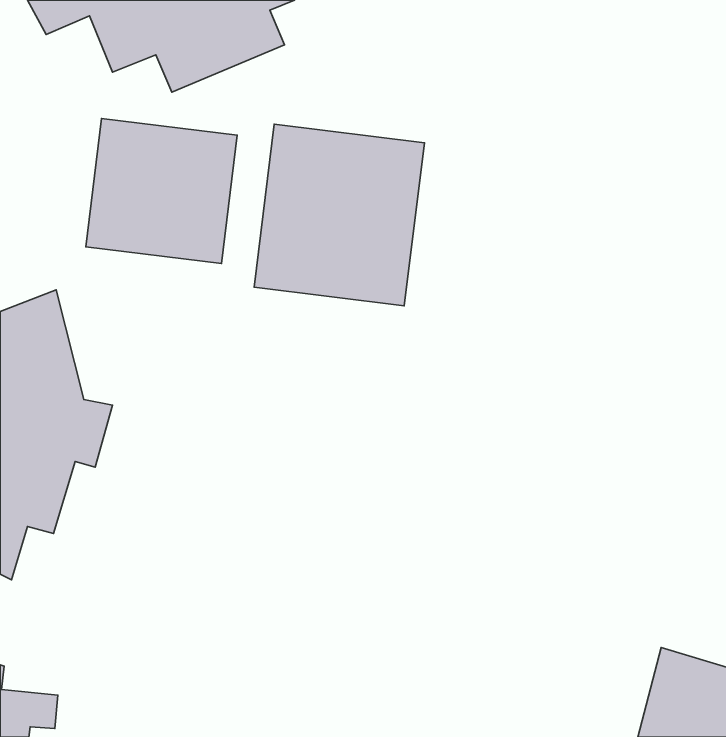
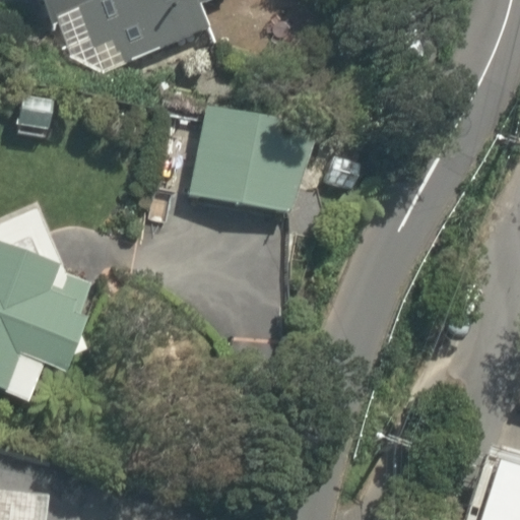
building: [86,119,237,263] -> none

